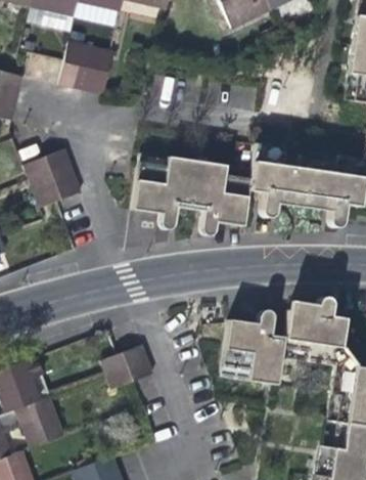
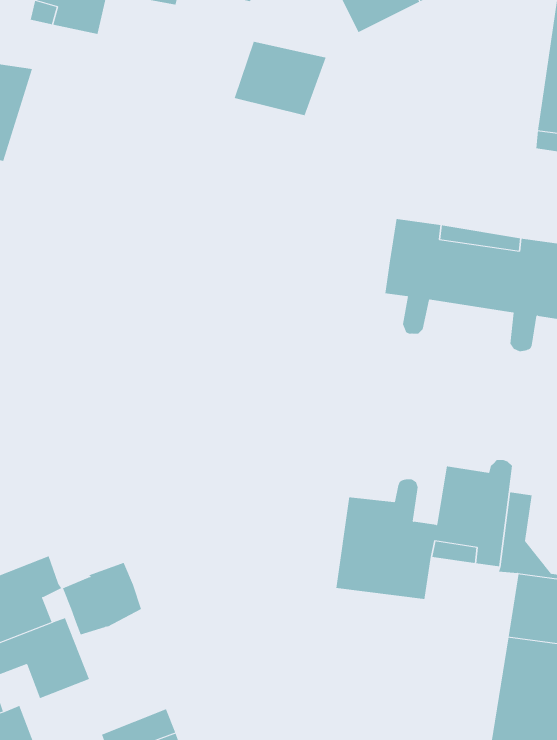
building: [57,38,116,85] -> [234,41,326,116]
building: [21,140,83,205] -> none
building: [136,155,255,234] -> none
building: [104,343,154,389] -> [62,562,142,635]

